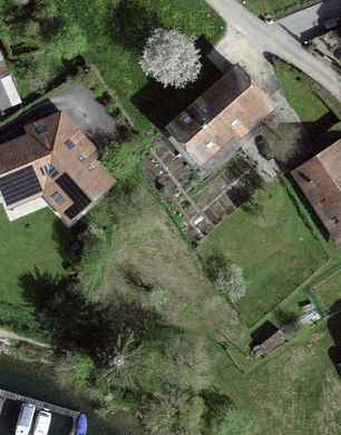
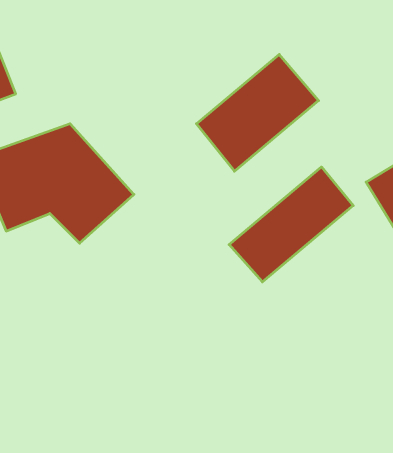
building: none -> [229,167,353,282]

